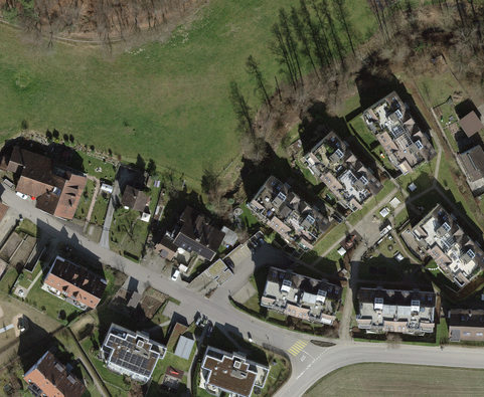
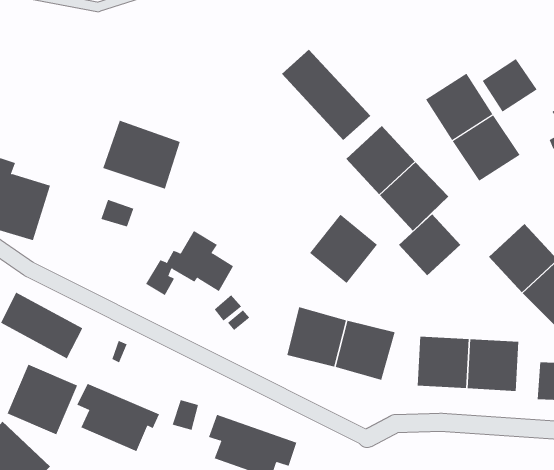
building: none -> [281,49,371,141]
building: none -> [482,58,538,112]
building: none -> [103,120,181,189]
building: [248,175,300,227] -> none
building: none -> [398,214,461,276]
building: none -> [7,364,78,435]

